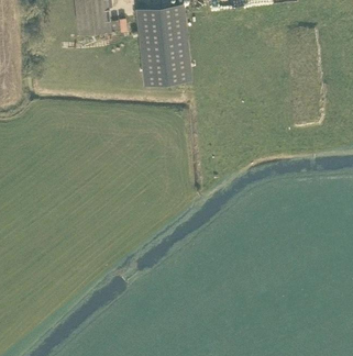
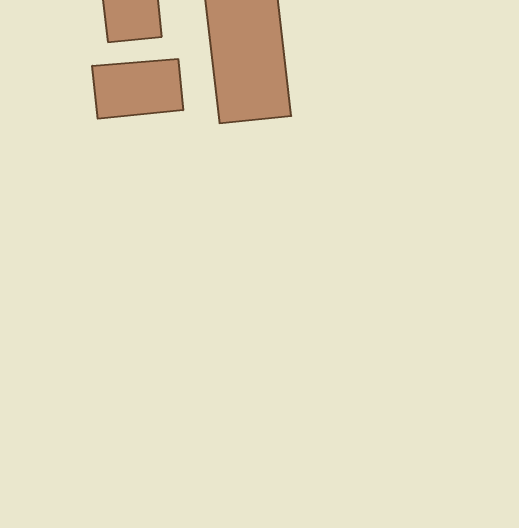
building: none -> [92,59,183,119]

